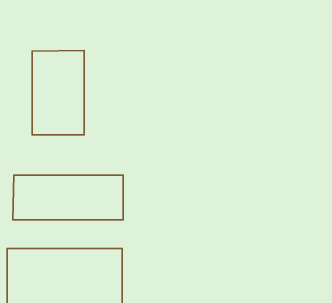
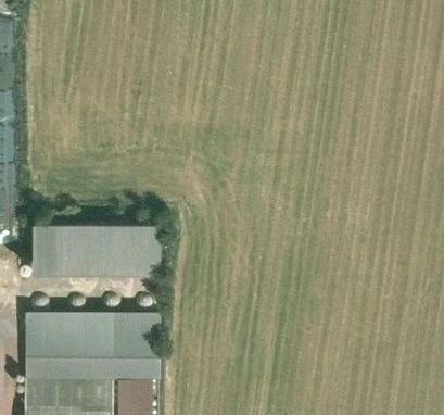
building: [32,51,84,135] -> none

